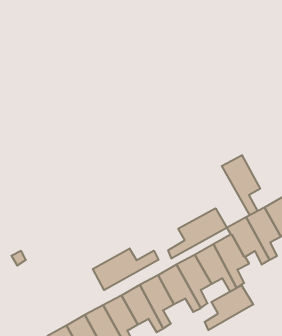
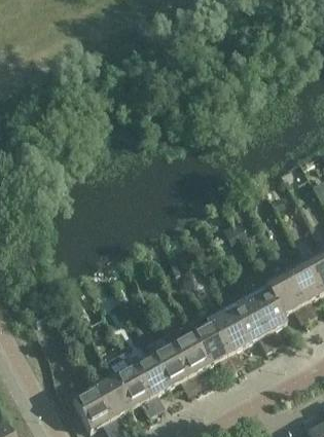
building: [222,155,260,215] -> none
building: [168,208,227,259] -> none
building: [93,248,158,290] -> none
building: [205,285,253,330] -> none

